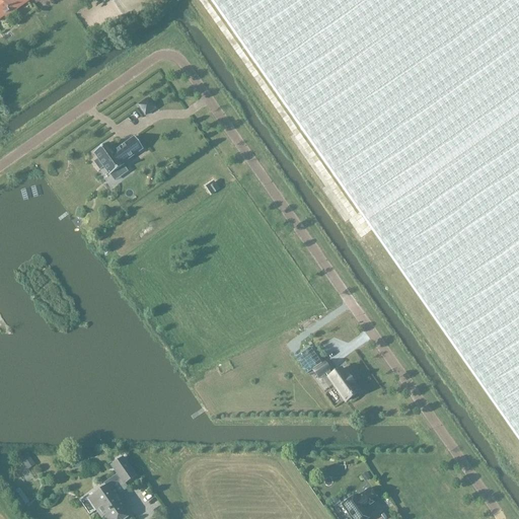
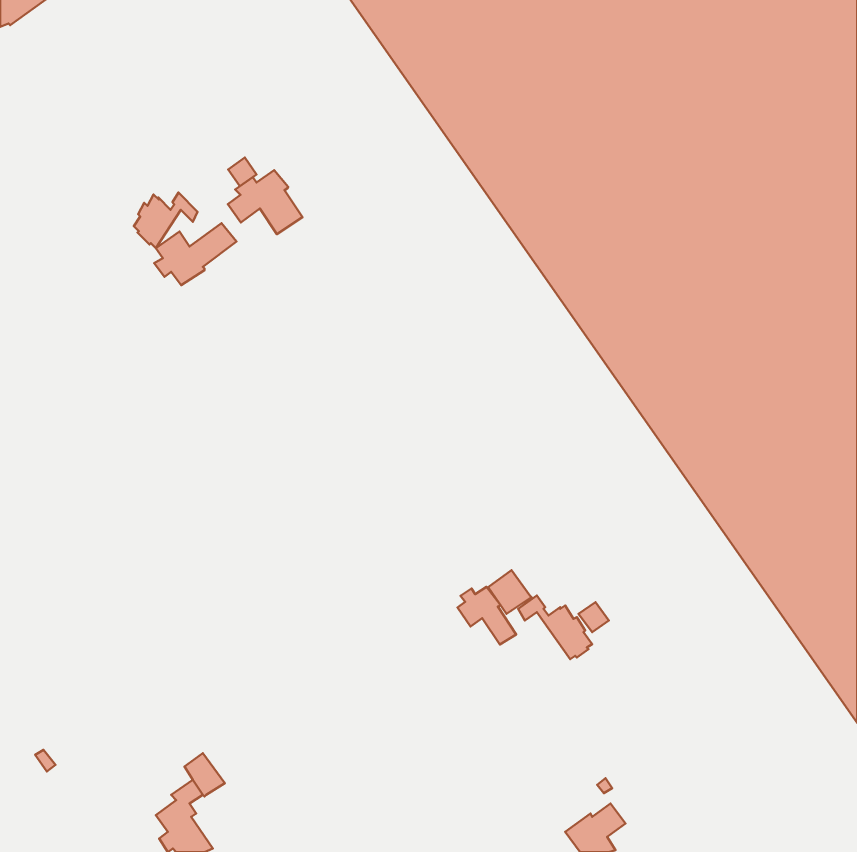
building: none -> [228,170,303,234]
building: none -> [134,193,197,248]
building: none -> [457,587,516,644]

